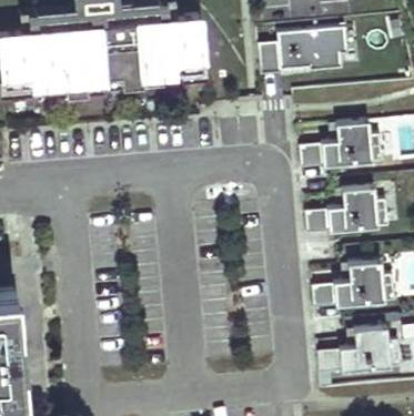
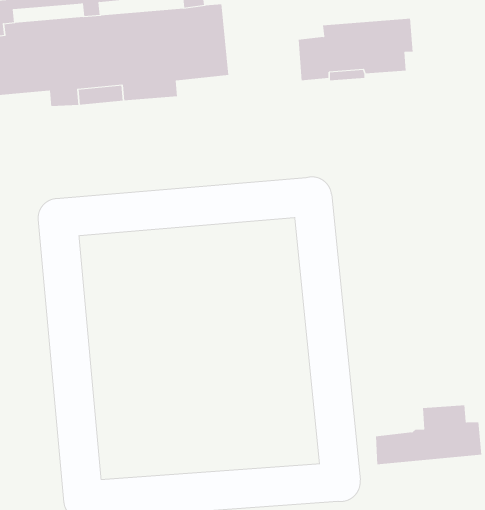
building: [299,122,383,169] -> none
building: [304,187,388,234] -> none
building: [311,262,395,308] -> none

